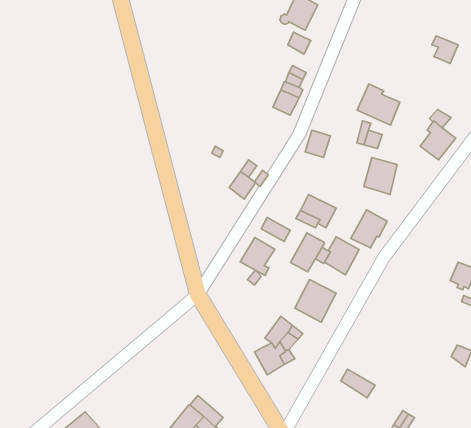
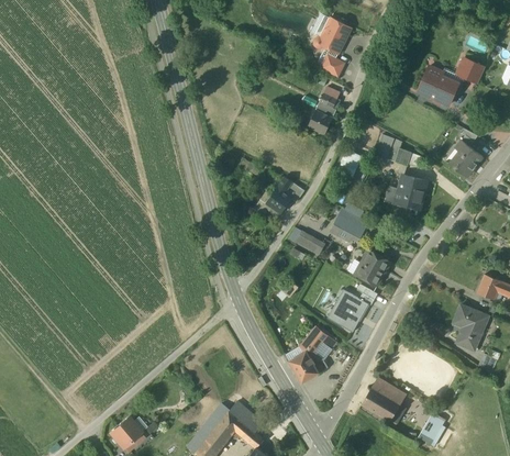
building: [357,84,400,125] -> [418,66,458,105]
building: [351,210,387,248] -> none
building: [290,233,325,272] -> none
building: [240,238,275,276] -> none
building: none -> [454,305,488,348]
building: none -> [363,388,398,420]

